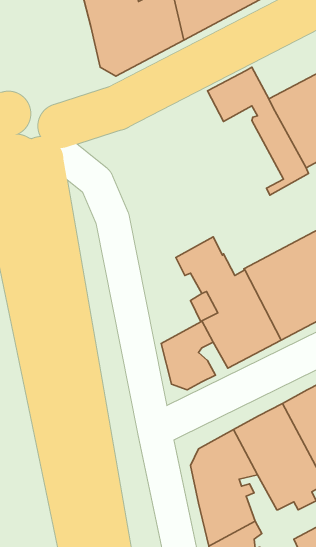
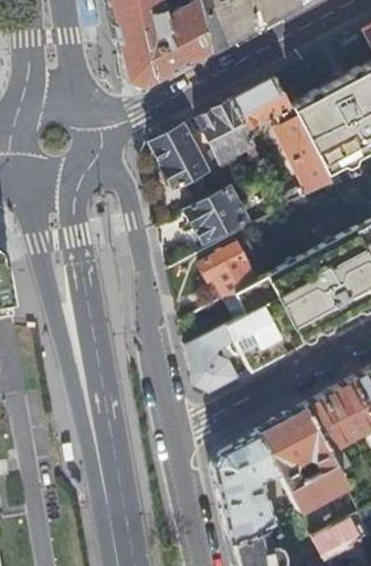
building: none -> [199,101,255,161]
building: none -> [152,126,209,188]
building: none -> [188,188,248,242]

